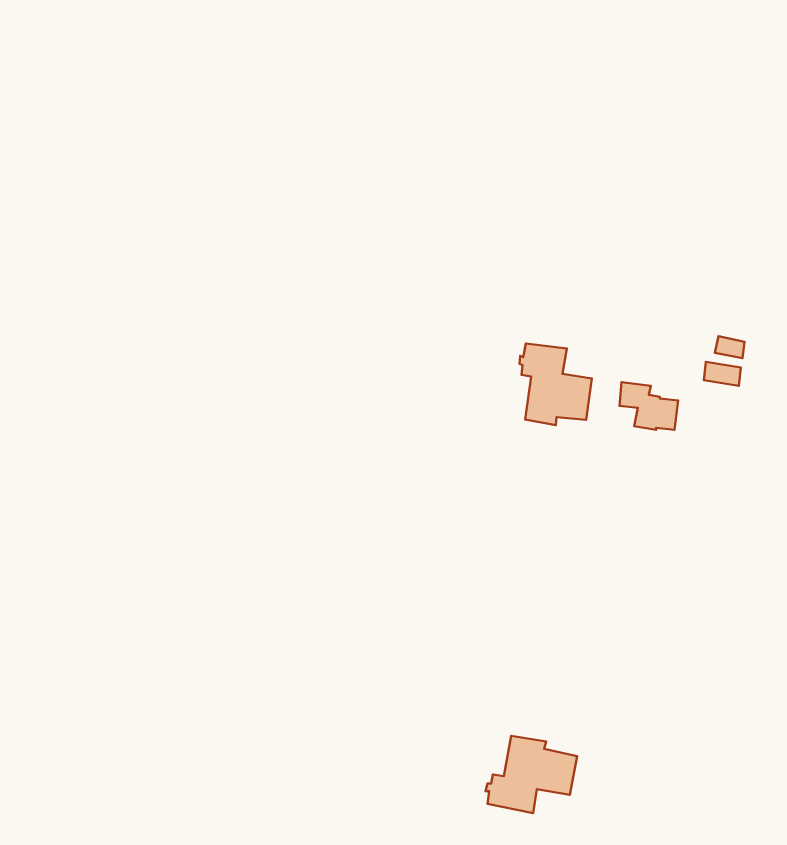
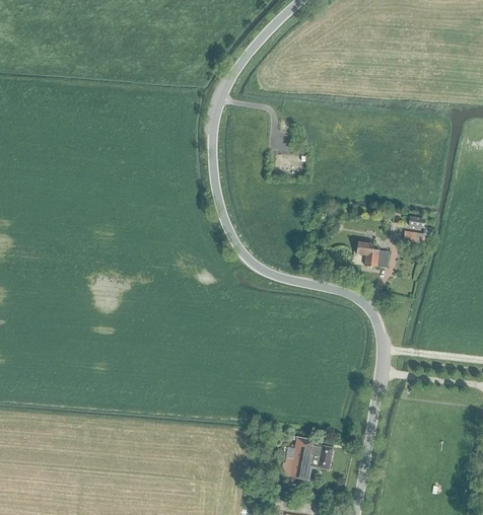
building: [520,343,592,425] -> none

